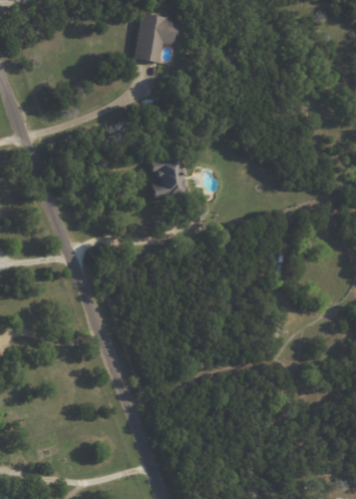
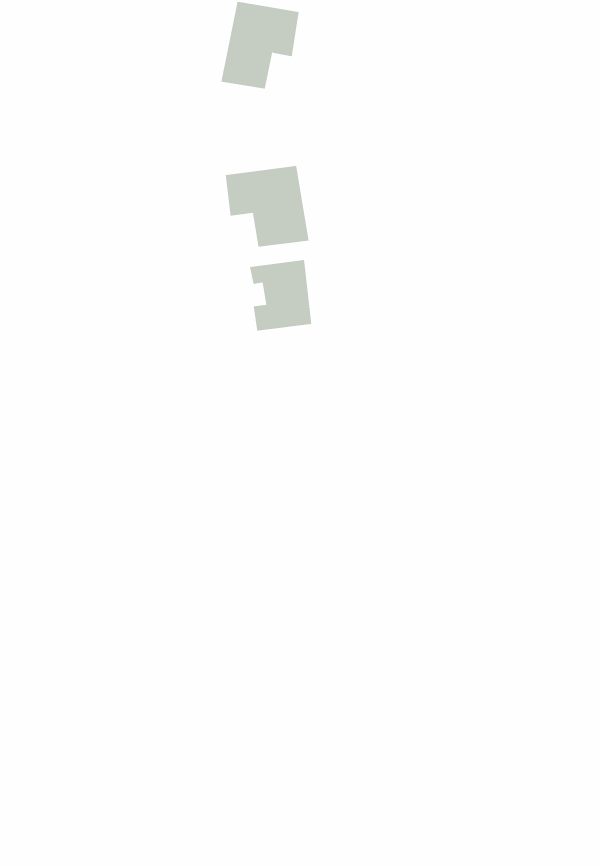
building: none -> [225,165,309,247]

